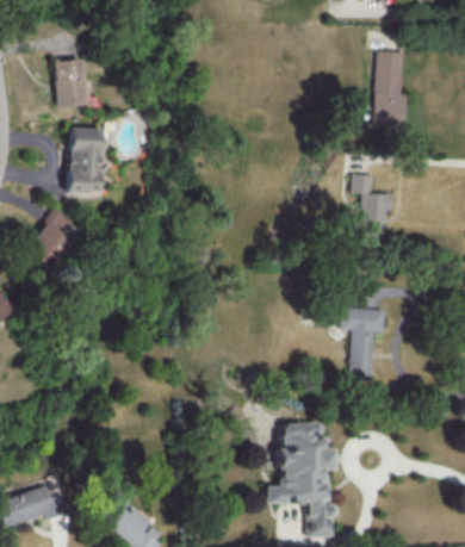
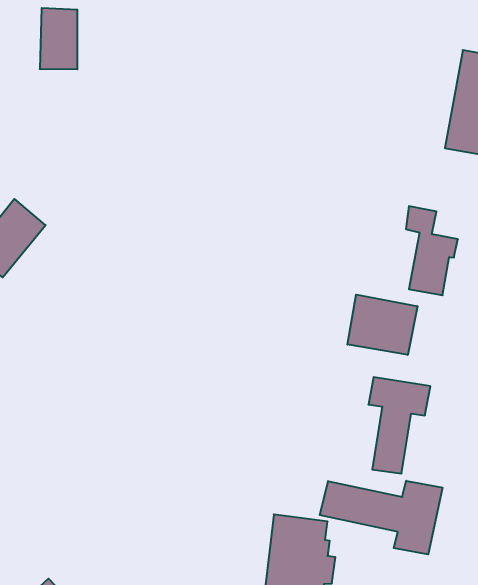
building: [64,129,108,193] -> none
building: none -> [347,295,417,355]
building: none -> [320,481,443,554]

